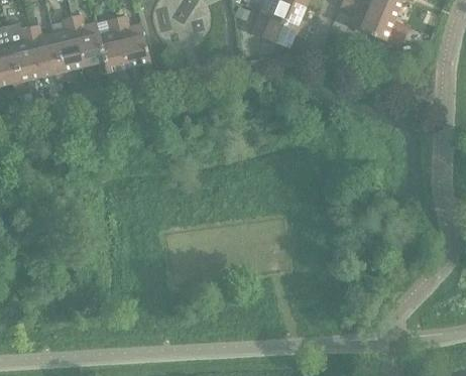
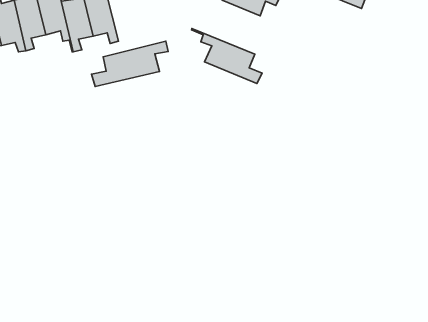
building: none -> [192,29,262,84]
building: none -> [92,41,168,87]

